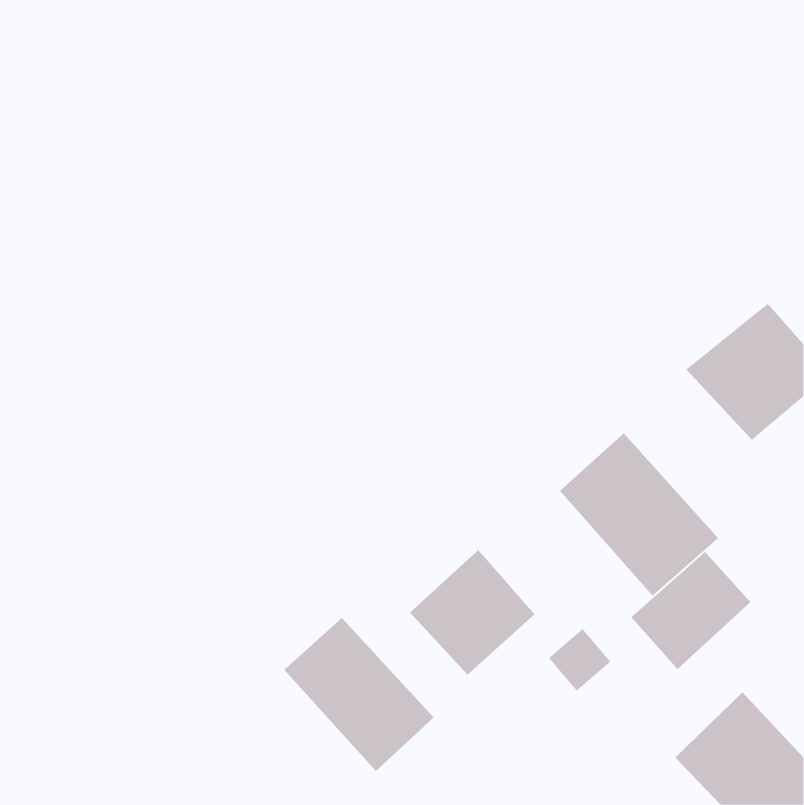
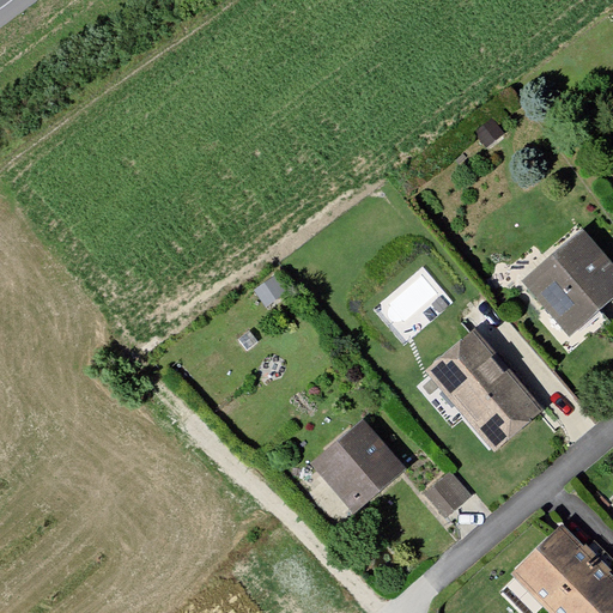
building: [630,551,751,670] -> none
building: [283,617,434,772] -> none

